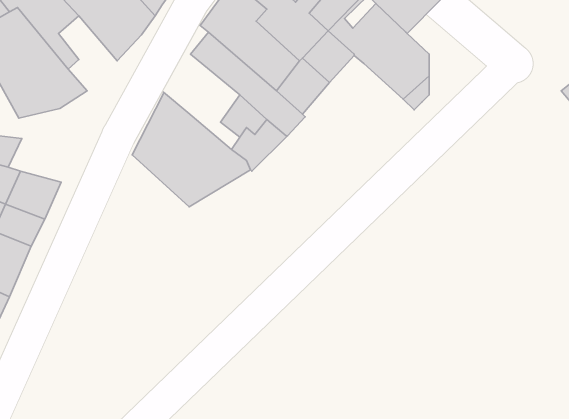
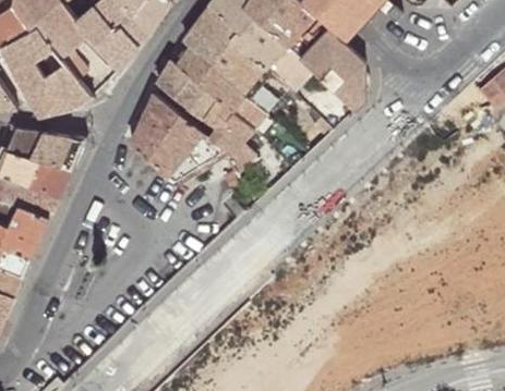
building: none -> [157,61,215,119]
building: none -> [29,132,85,167]

